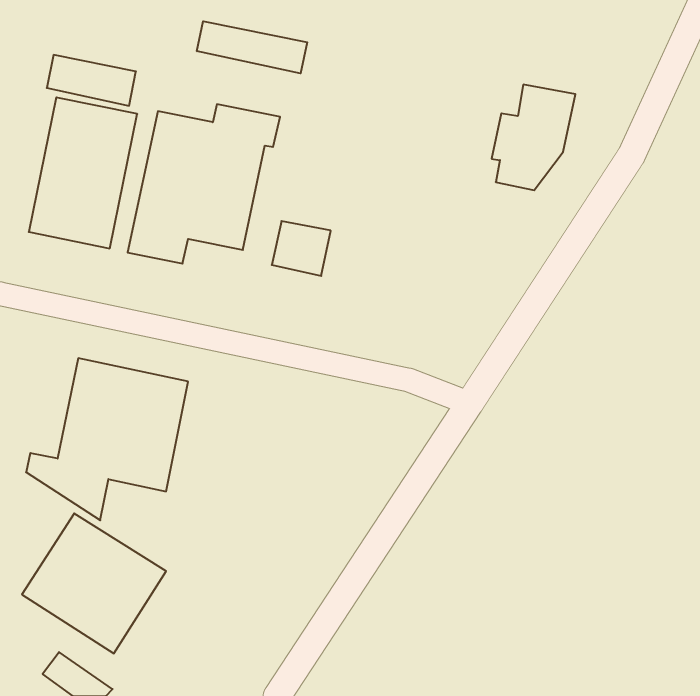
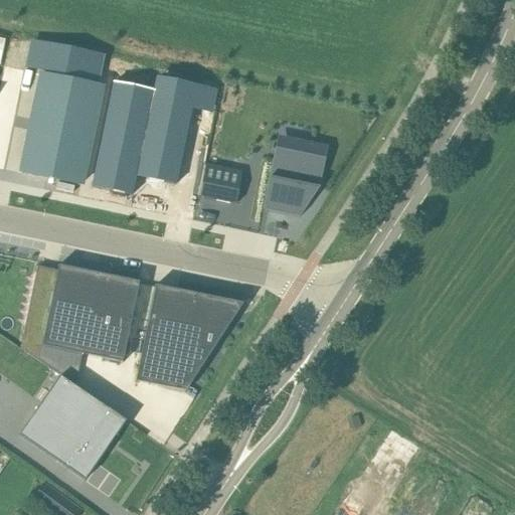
building: [197,21,307,73] -> none
building: [492,85,575,190] -> [268,136,329,213]
building: none -> [136,283,234,389]

